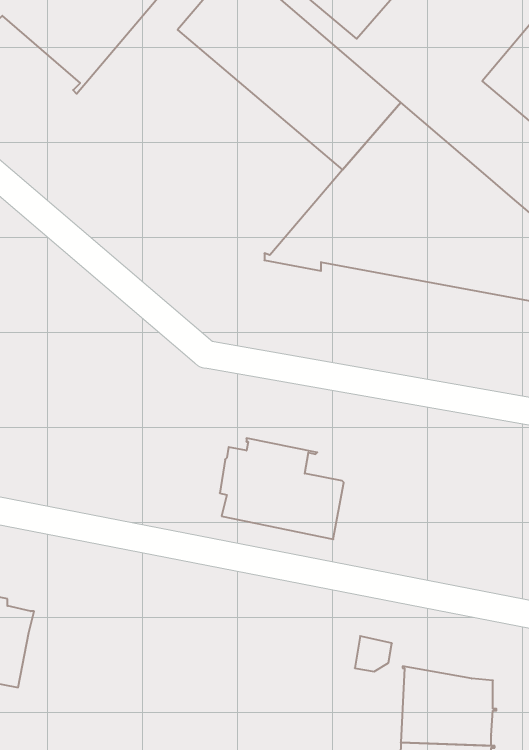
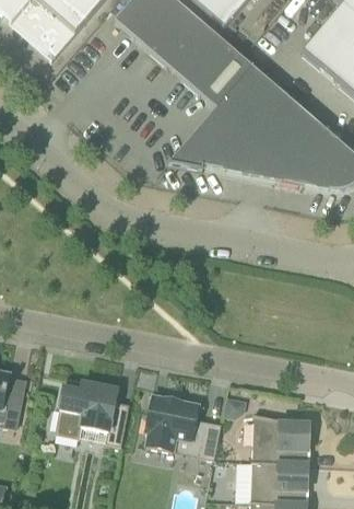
building: [220,438,344,539] -> [145,395,222,458]
building: none -> [60,377,130,446]

